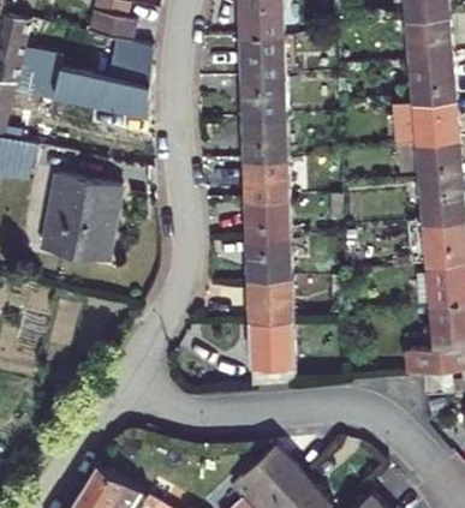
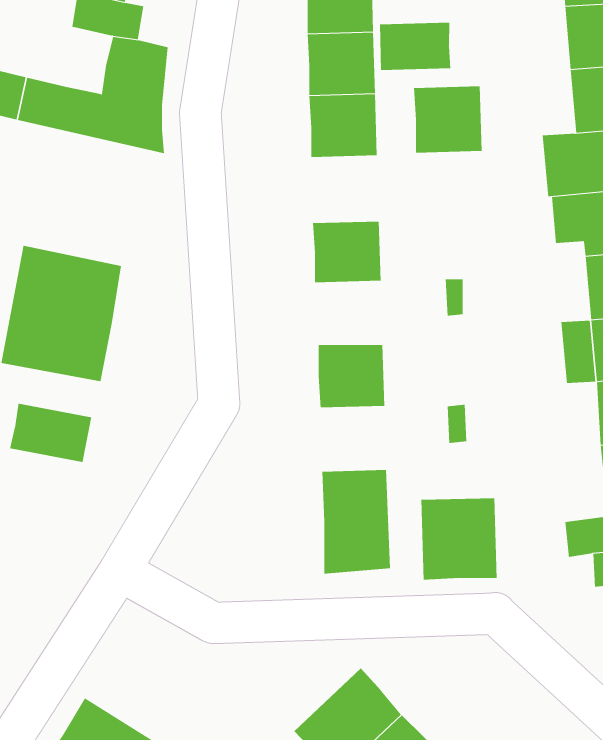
building: none -> [380,22,451,71]
building: [242,116,286,160] -> [413,86,482,153]
building: [244,197,288,238] -> none
building: none -> [9,403,92,463]
building: [248,277,291,319] -> none
building: none -> [421,497,497,581]

